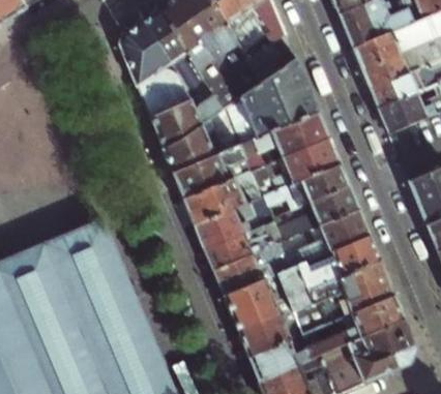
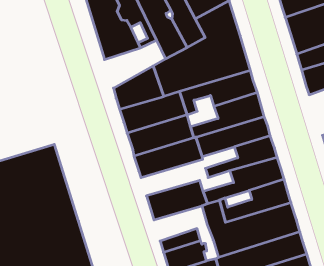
building: [149,88,219,148] -> none
building: [204,220,282,269] -> none
building: [224,274,286,320] -> none

